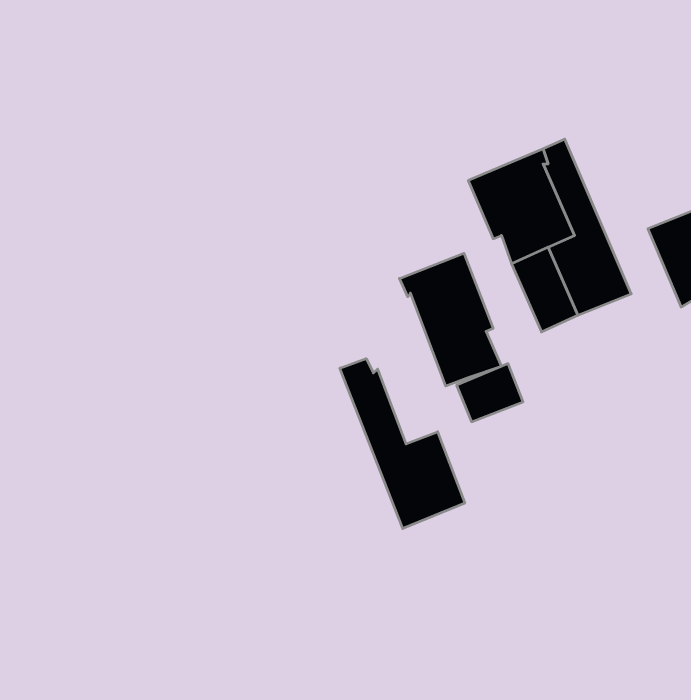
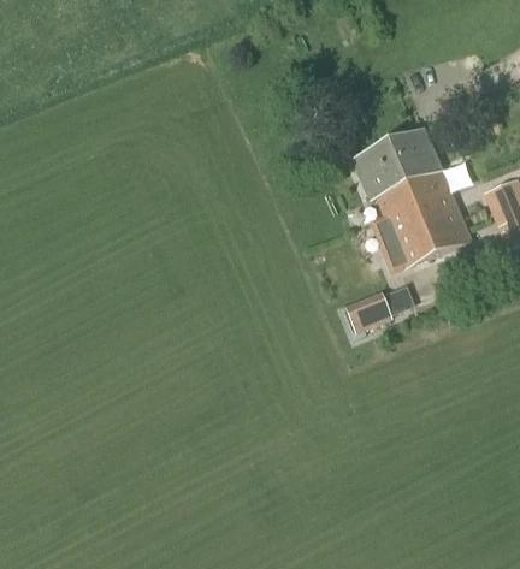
building: [399,253,501,386] -> none
building: [340,359,465,529] -> none

